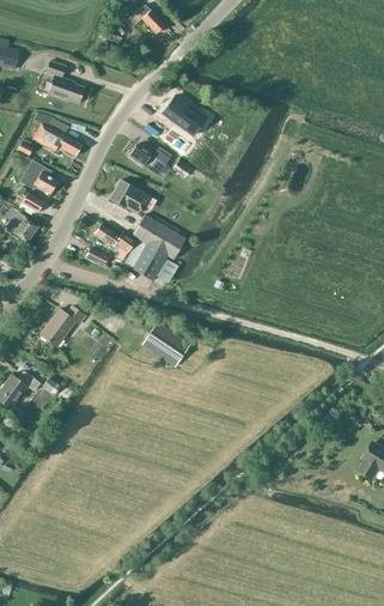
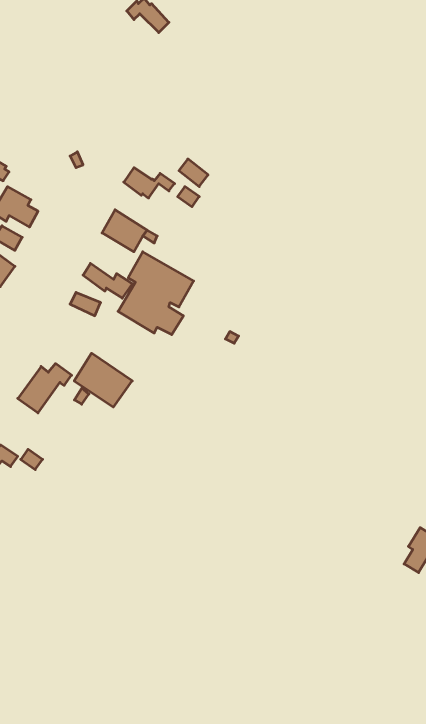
building: [45,60,84,103] -> none
building: [165,97,208,138] -> none
building: [33,117,81,156] -> none
building: [142,321,190,365] -> [74,353,132,407]

